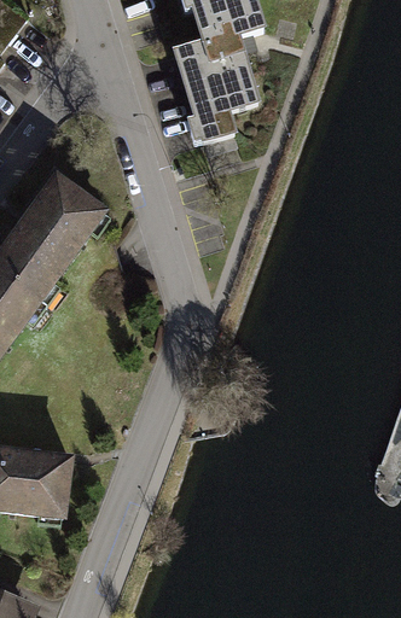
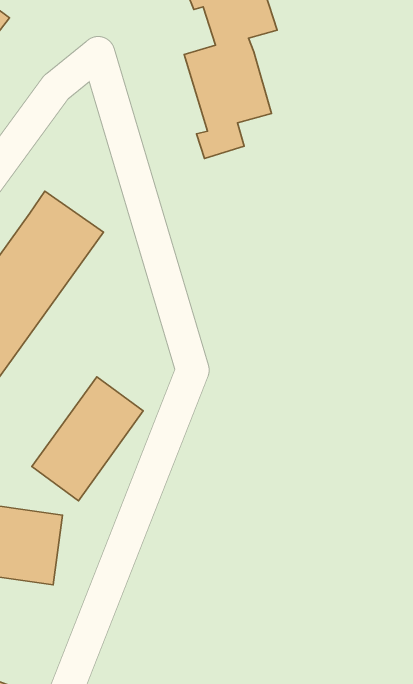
building: none -> [32,377,143,501]

